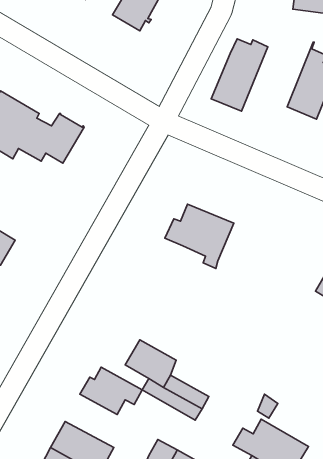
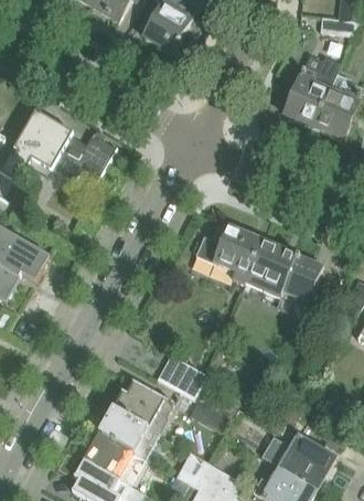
building: [211,39,268,111] -> [283,56,339,127]
building: none -> [246,241,322,305]
building: none -> [97,407,159,459]

